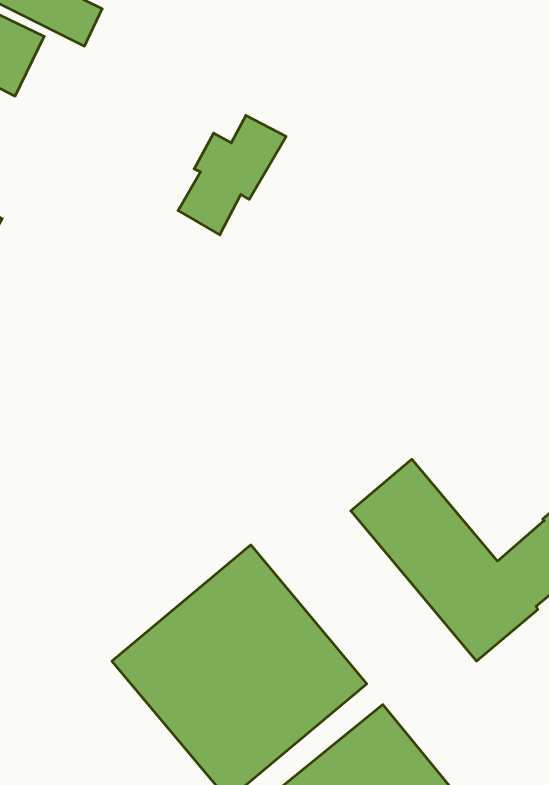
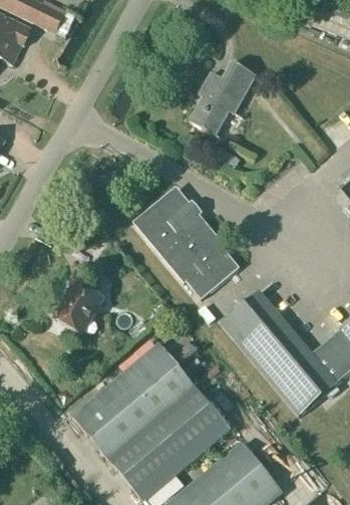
building: [178,115,286,235] -> [189,61,256,136]
building: none -> [136,191,239,299]
building: none -> [52,281,103,335]

